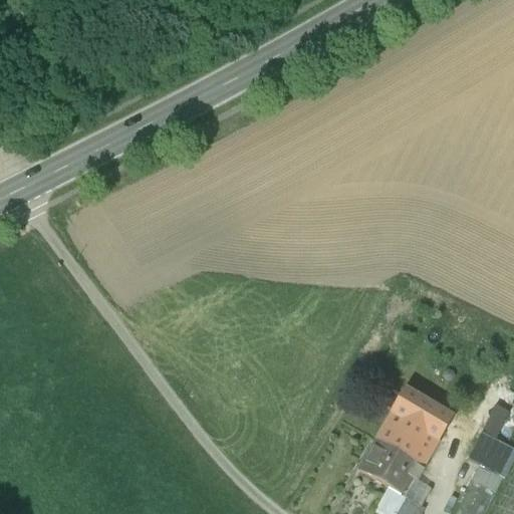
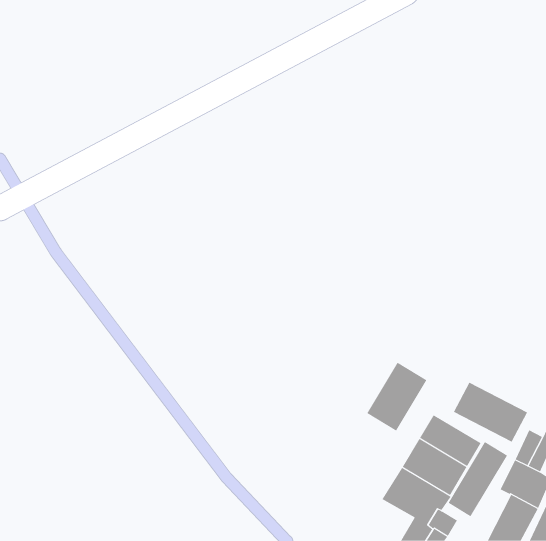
building: none -> [366,362,427,432]
building: none -> [453,382,528,443]
building: none -> [448,441,508,517]

